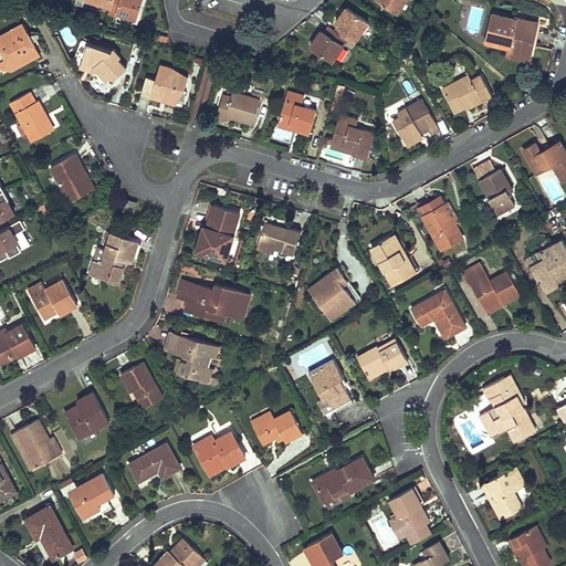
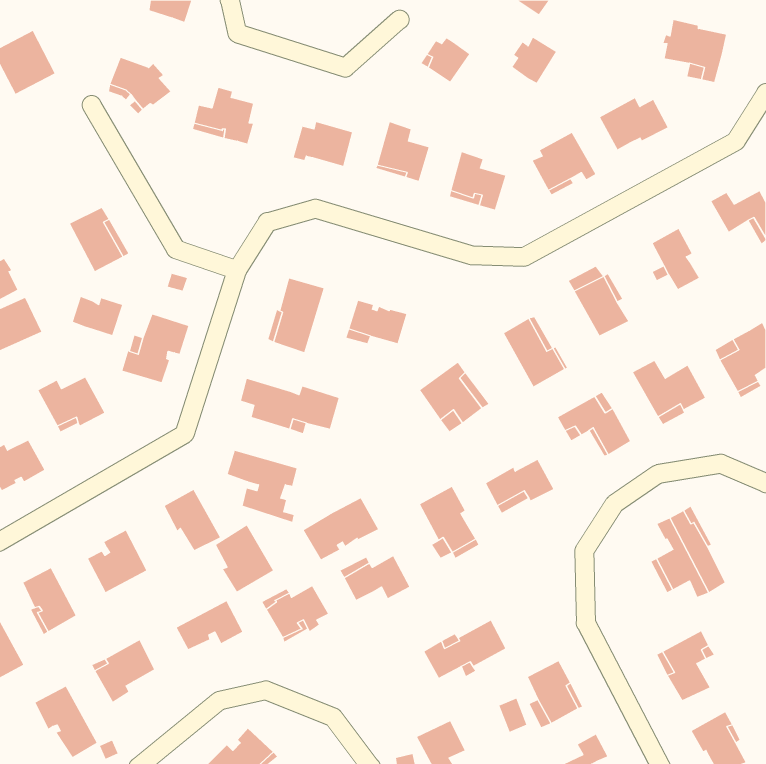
building: [334,11,367,45] -> [512,37,557,83]
building: [11,93,53,143] -> none
building: none -> [72,296,123,336]
building: none -> [303,497,379,560]
building: none -> [215,524,274,593]

